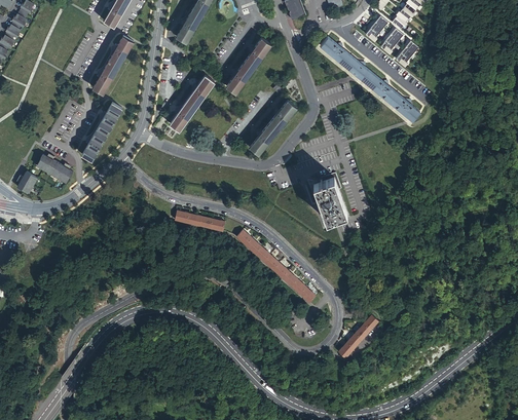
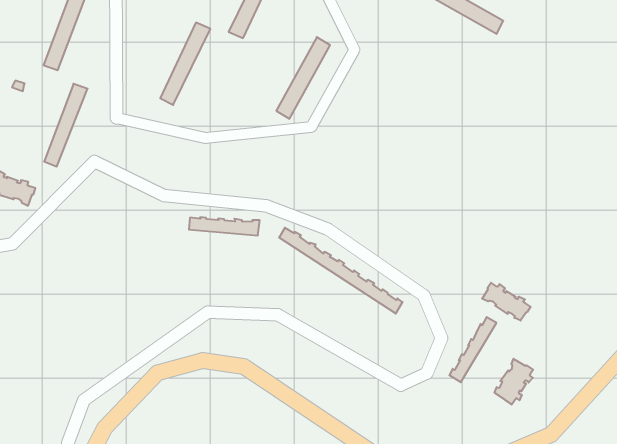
building: [309,171,346,221] -> none
building: none -> [482,283,531,321]
building: none -> [495,359,533,405]

